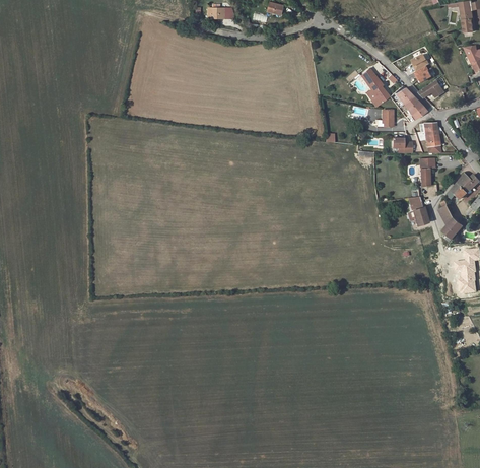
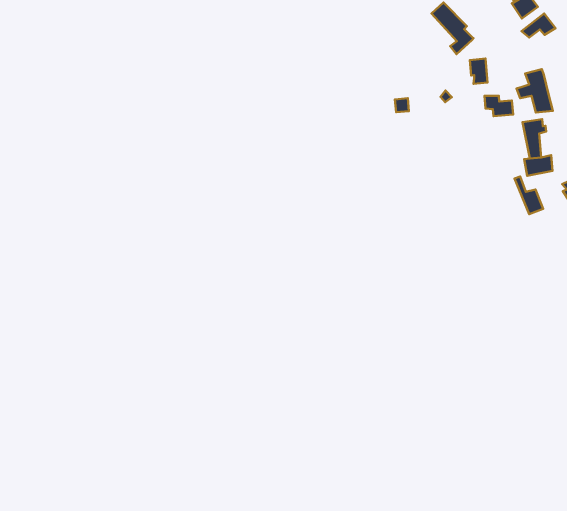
building: [395,86,424,120] -> none

